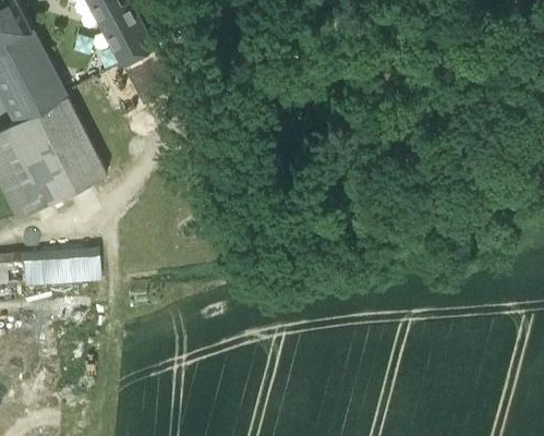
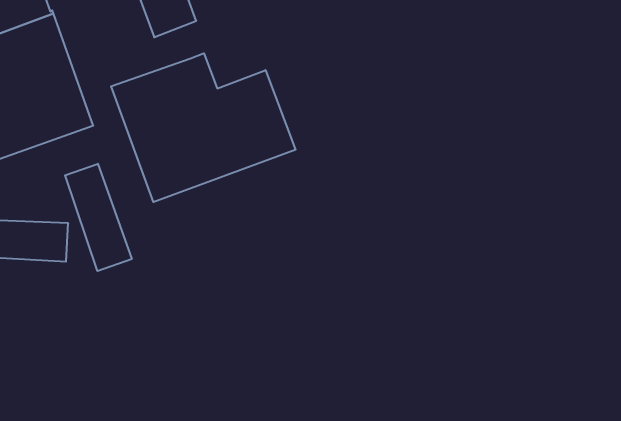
building: none -> [111,53,296,202]
building: none -> [65,164,132,271]

